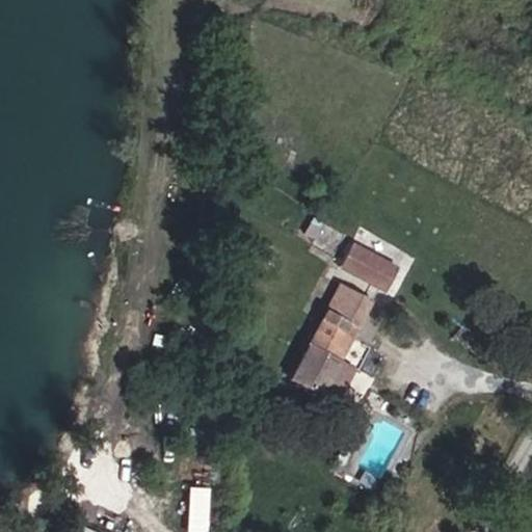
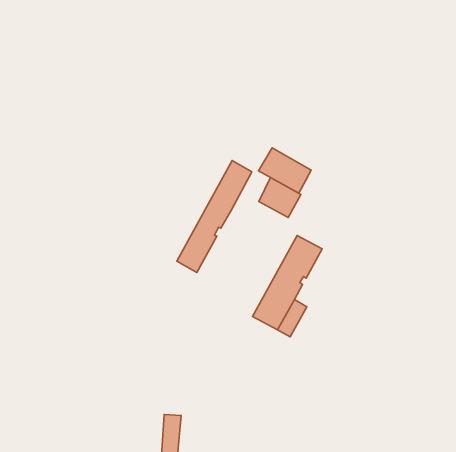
building: none -> [177,161,252,272]
building: [339,241,400,294] -> [259,148,311,193]

